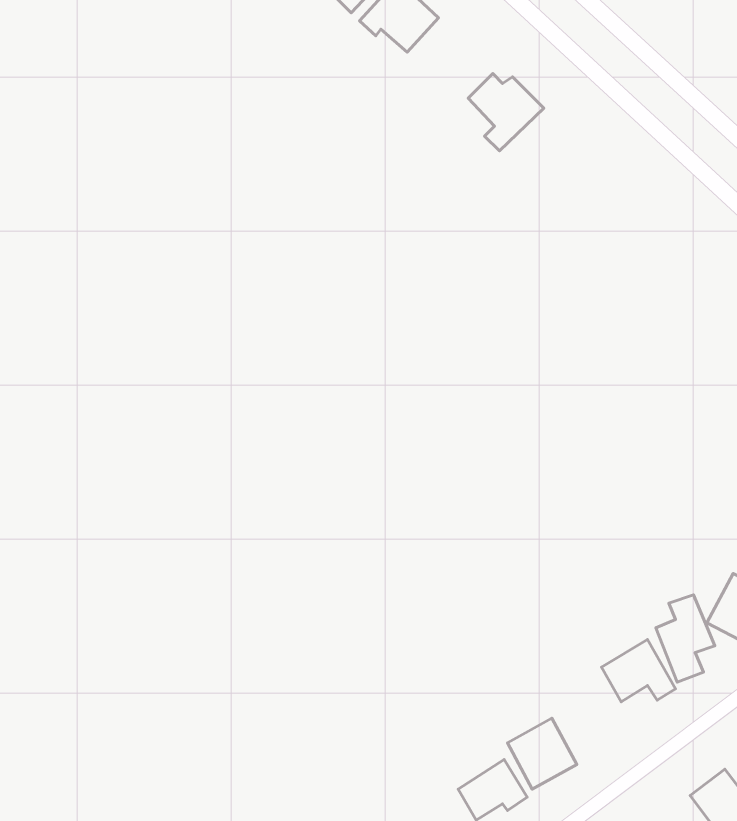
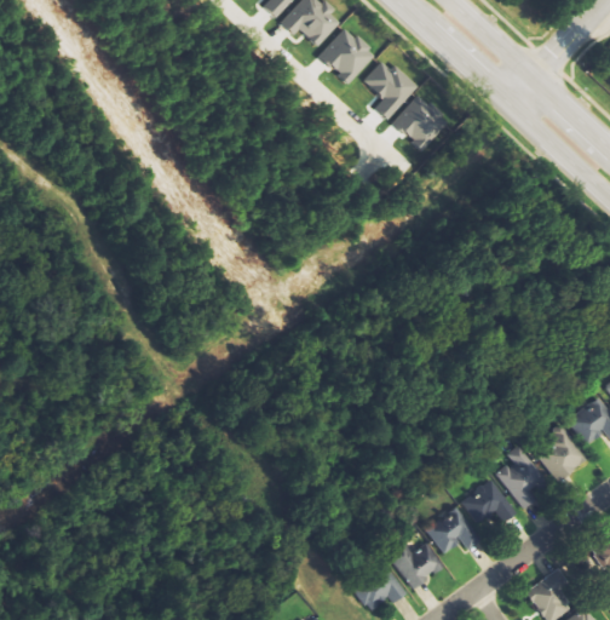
building: none -> [317,27,374,84]
building: none -> [391,94,447,150]
building: none -> [424,506,478,555]

